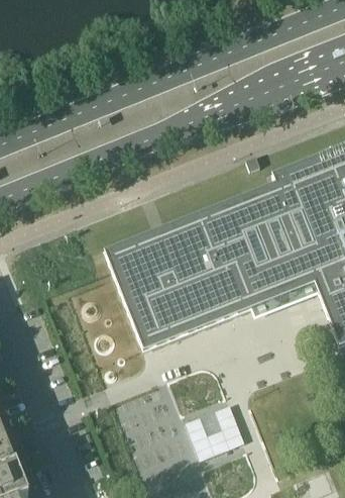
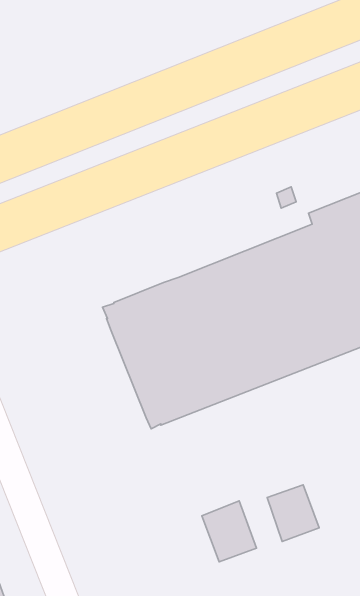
building: none -> [267,485,319,541]

